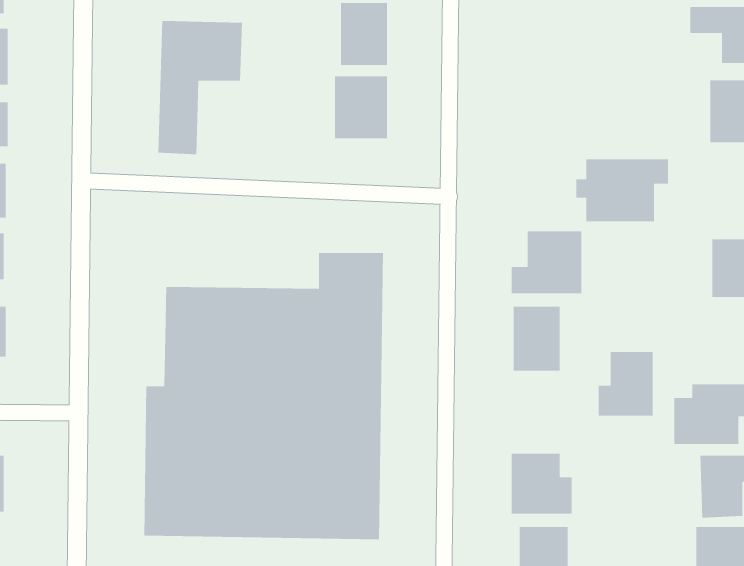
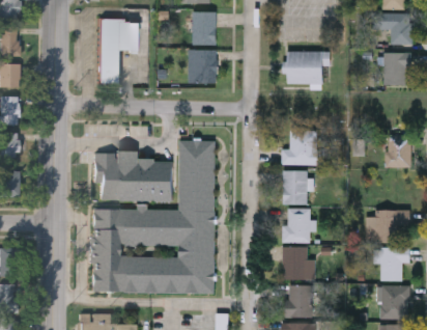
building: [576,159,669,222] -> [283,51,332,84]
building: [598,351,653,417] -> [282,209,311,243]

